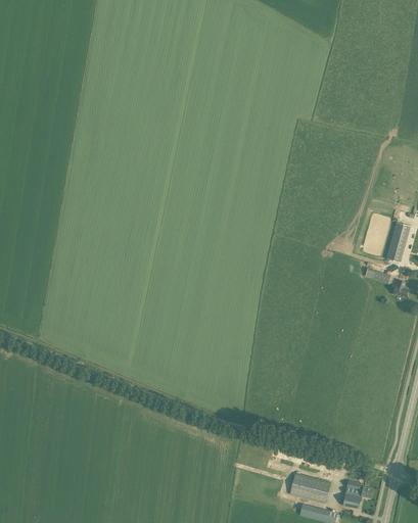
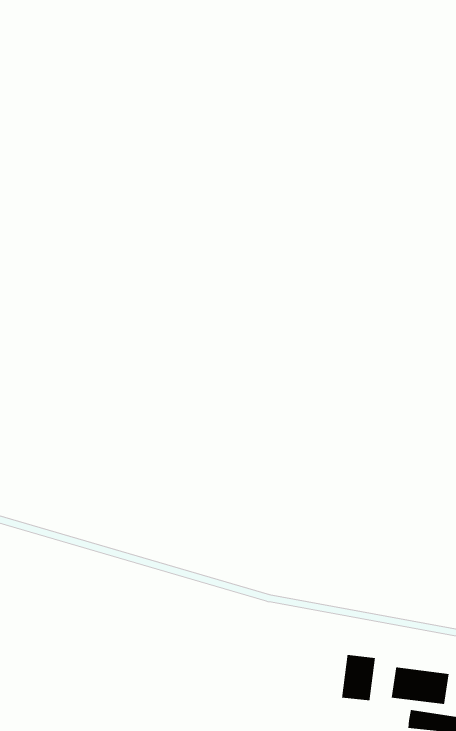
building: none -> [342,654,375,701]

